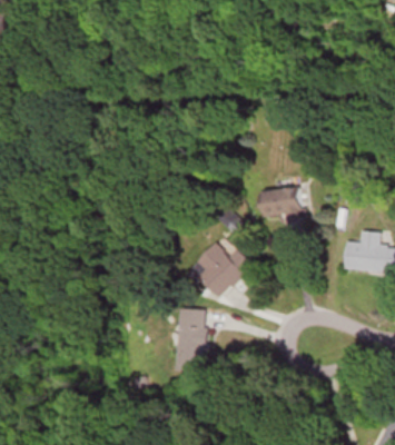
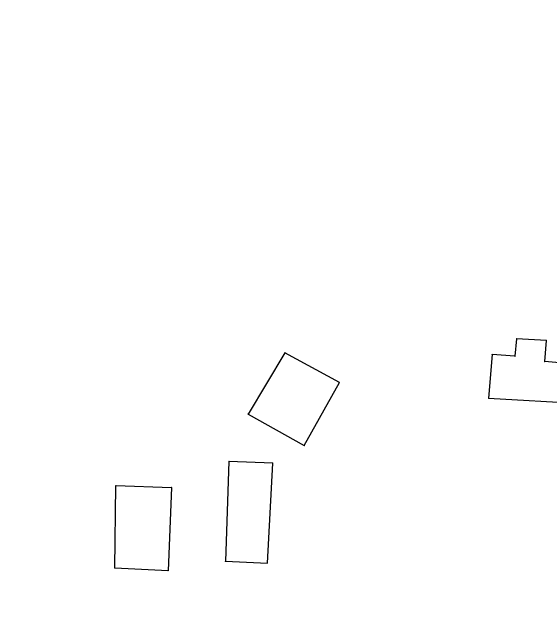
building: [259,188,302,220] -> none
building: none -> [115,486,171,571]

